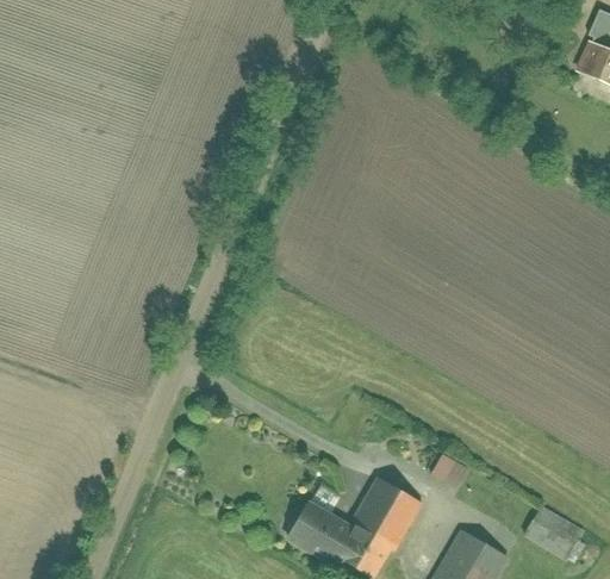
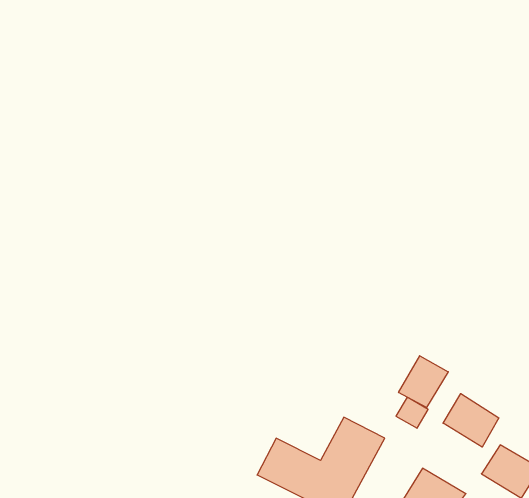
building: none -> [399,356,448,408]
building: none -> [443,394,499,447]

